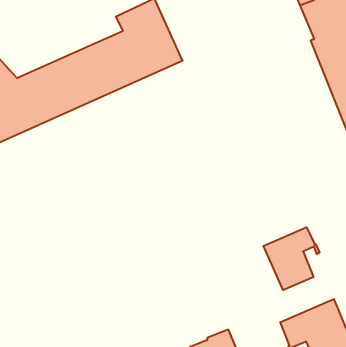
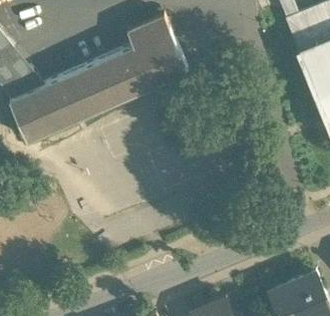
building: [263,227,320,290] -> none

